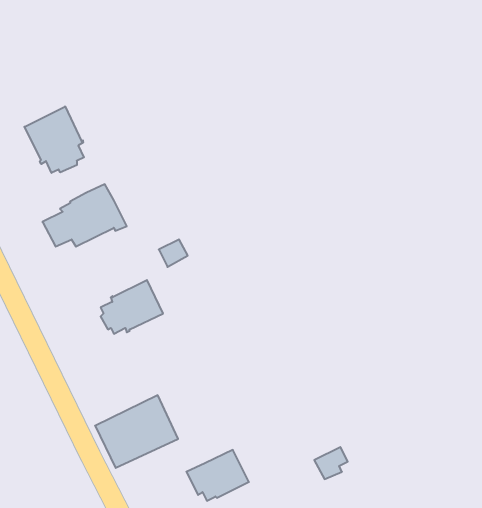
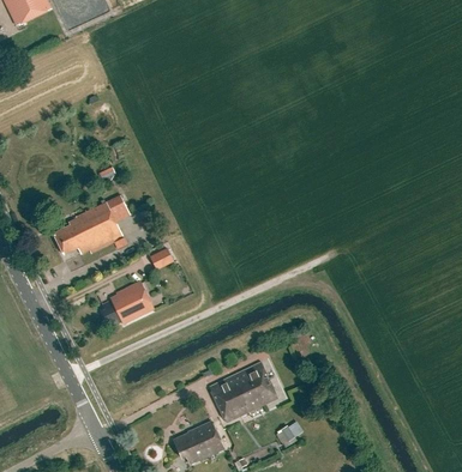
building: [24,106,84,173] -> none
building: [95,395,178,468] -> [209,362,277,422]

